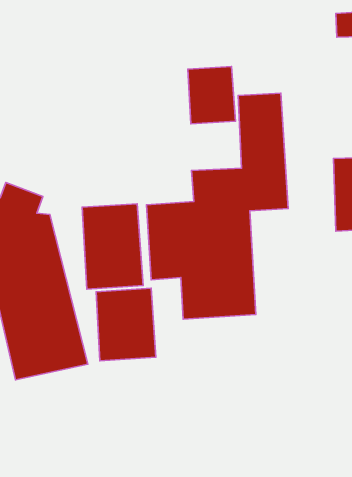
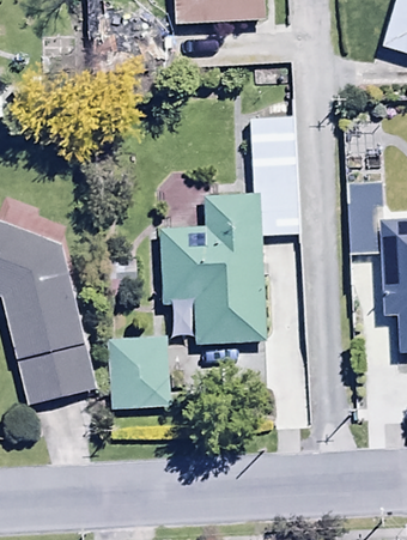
building: [188,67,236,124] -> none
building: [82,204,143,289] -> none

